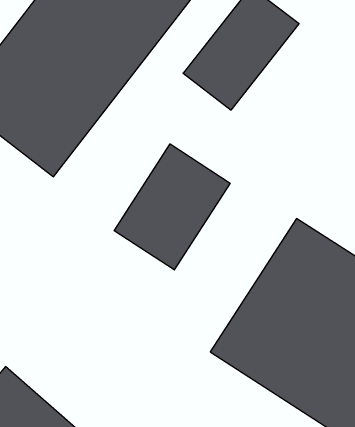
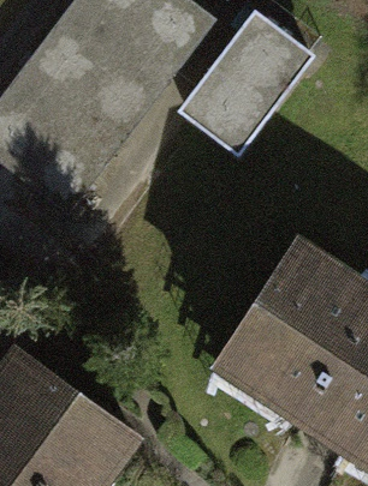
building: [114,144,230,270] -> none

